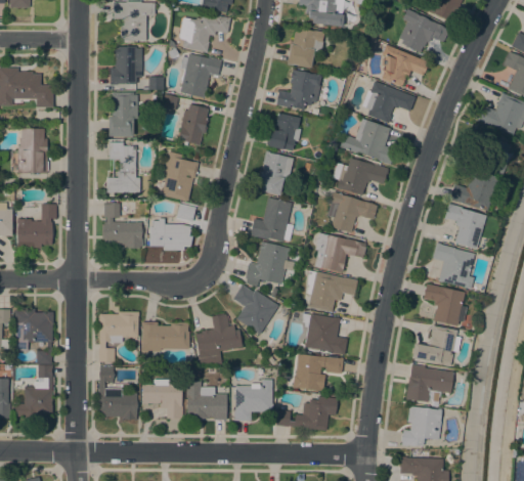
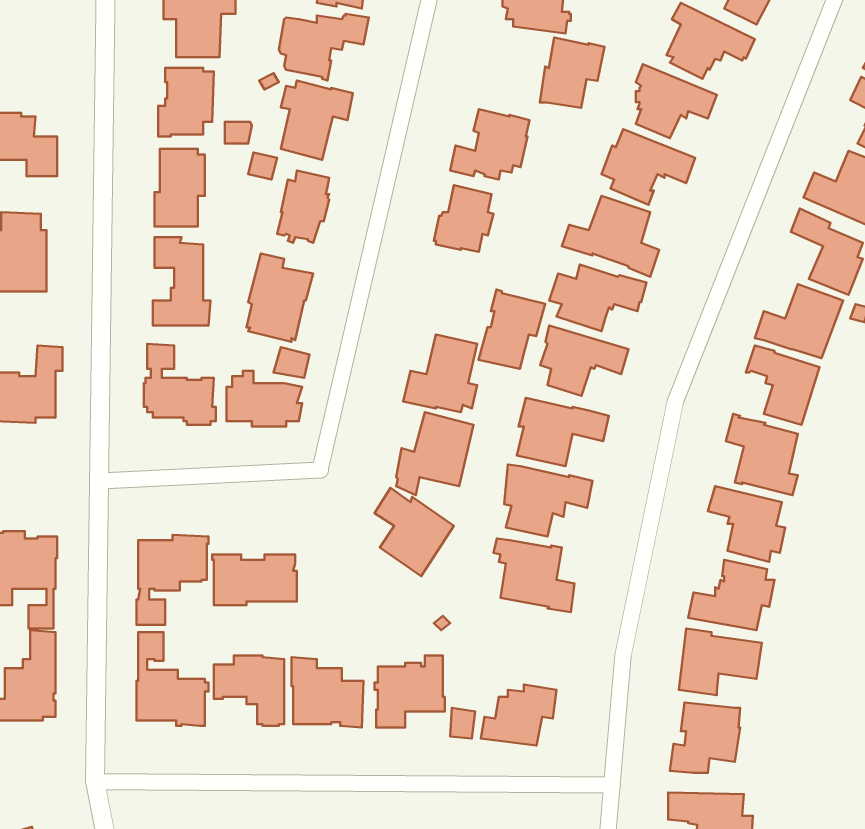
building: [288,28,324,68] -> [540,38,605,108]
building: [256,150,294,195] -> [478,289,545,369]
building: [195,314,243,364] -> none
building: [293,354,343,391] -> none

